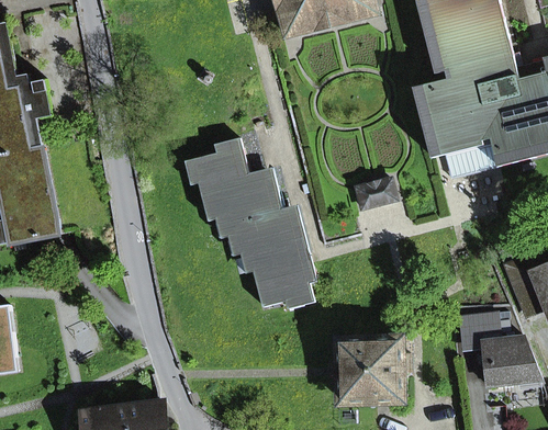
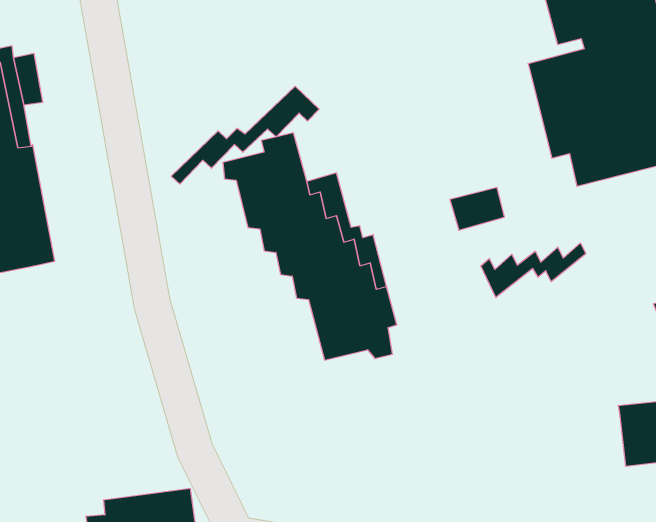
building: none -> [171,86,319,184]
building: none -> [481,243,586,298]
building: [458,314,500,350] -> none
building: [338,340,411,403] -> none

